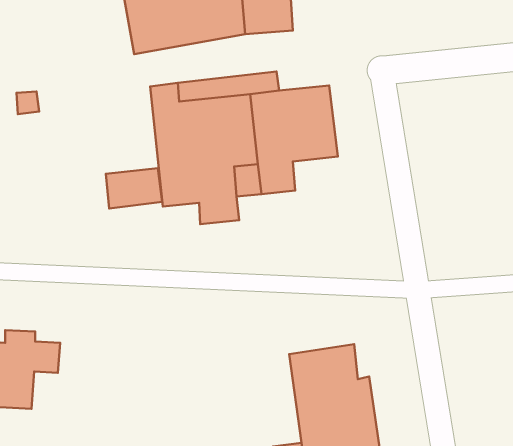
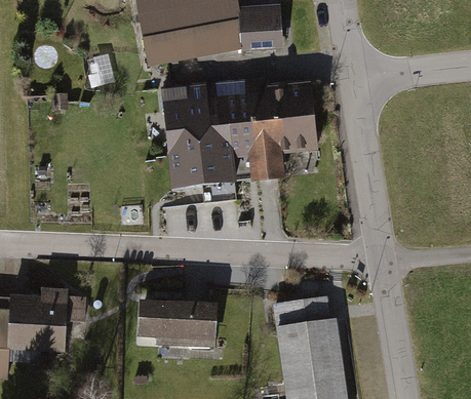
building: [106,168,162,209] -> none
building: none -> [136,294,218,362]

